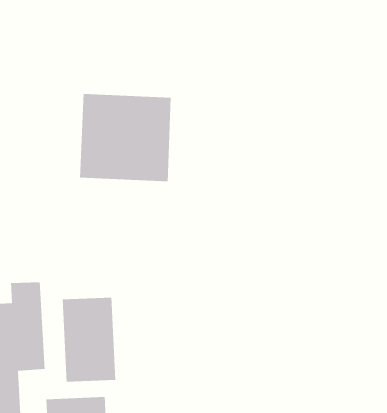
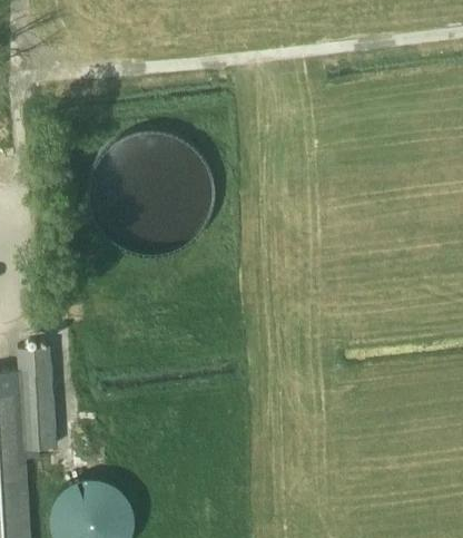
building: [62,297,116,383] -> none

